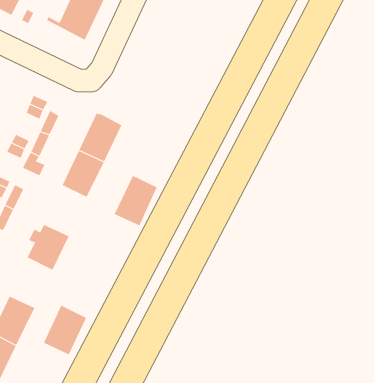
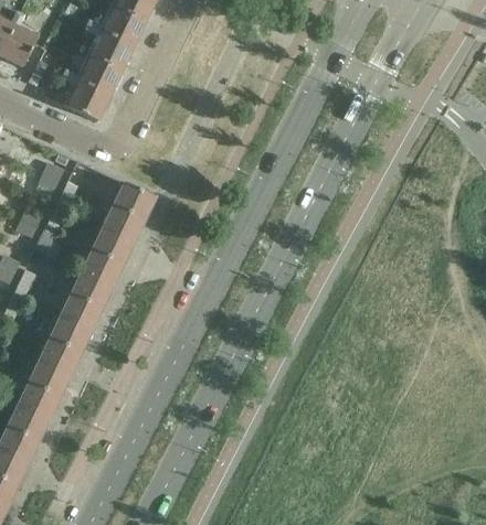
building: none -> [61,73,109,121]
building: [114,175,158,226] -> [60,269,112,330]
building: [43,305,87,355] -> [19,355,71,415]

